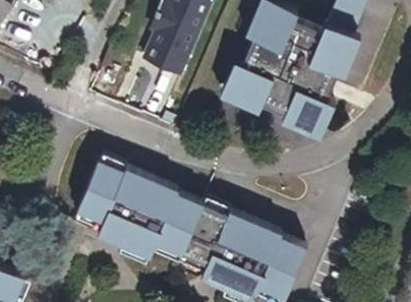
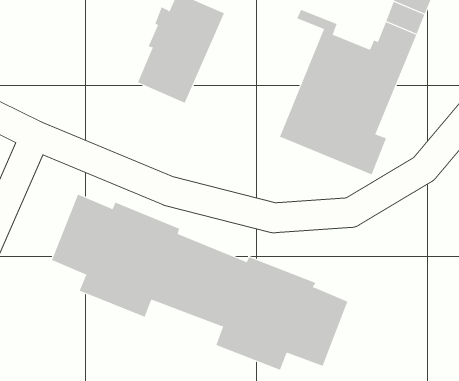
building: [221,21,282,112] -> none

